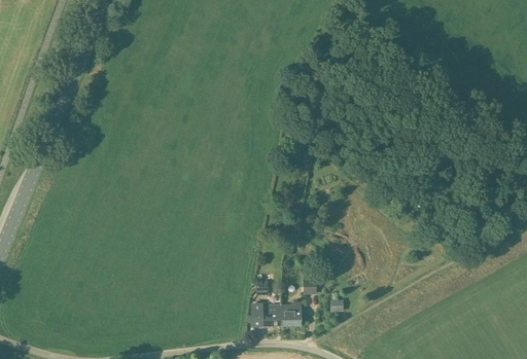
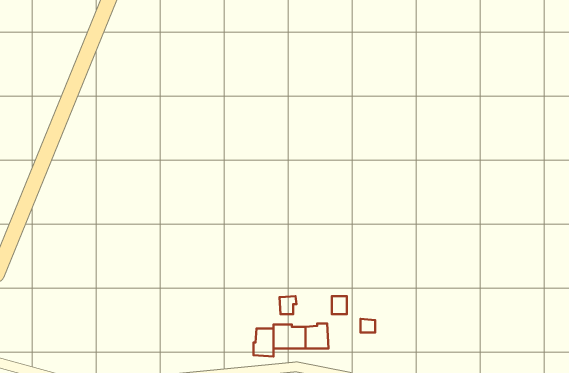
building: none -> [254,328,274,357]

